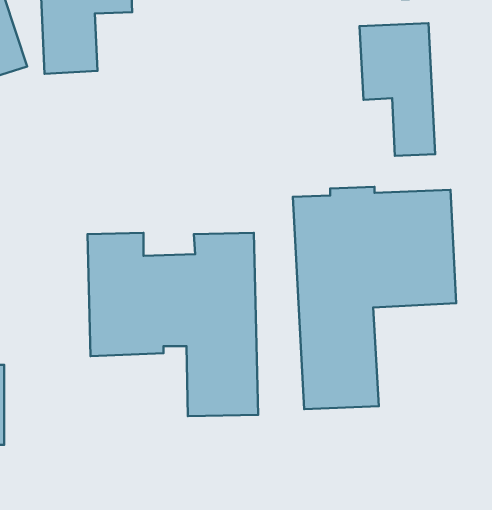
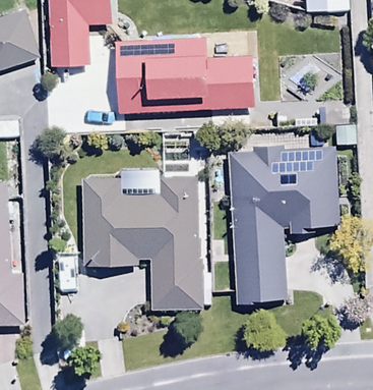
building: [360,23,435,156] -> none
building: none -> [114,36,254,111]

